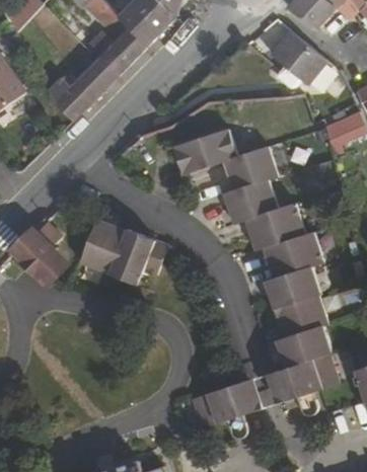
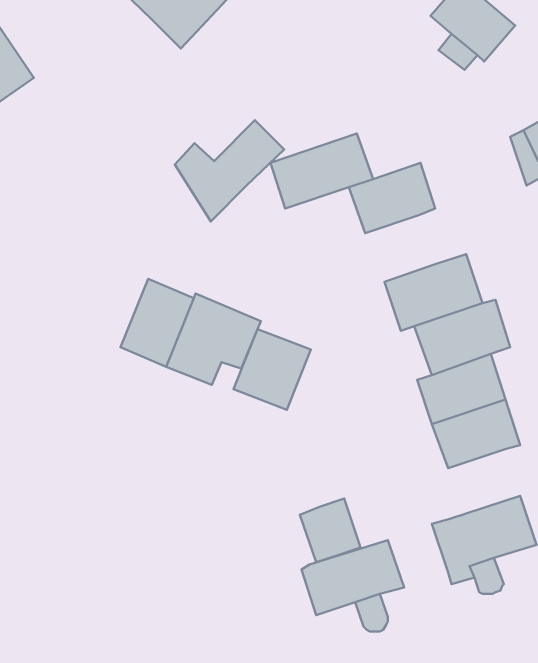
building: [50,58,118,121] -> [175,120,284,222]
building: [223,179,276,224] -> none
building: [13,221,65,283] -> none
building: none -> [233,329,311,410]
building: [276,324,329,368] -> none
building: [246,371,284,410] -> [300,499,360,562]

